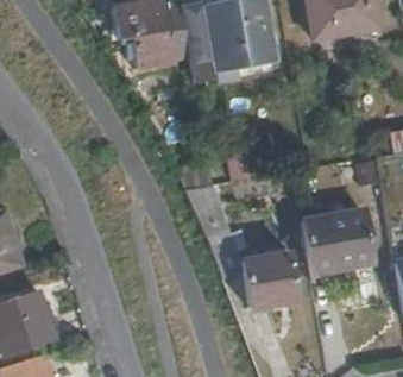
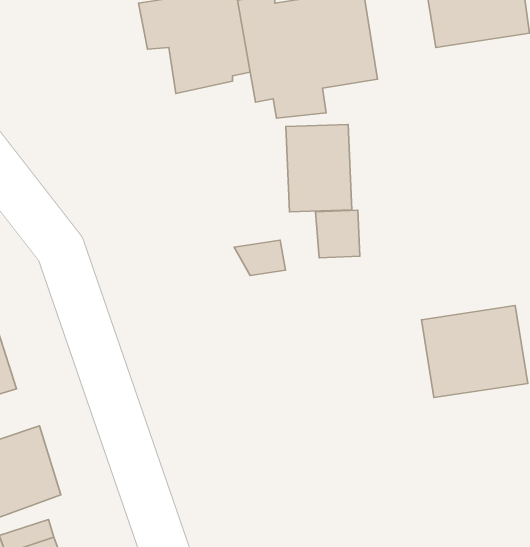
building: none -> [286,125,352,212]
building: [243,252,296,307] -> none

